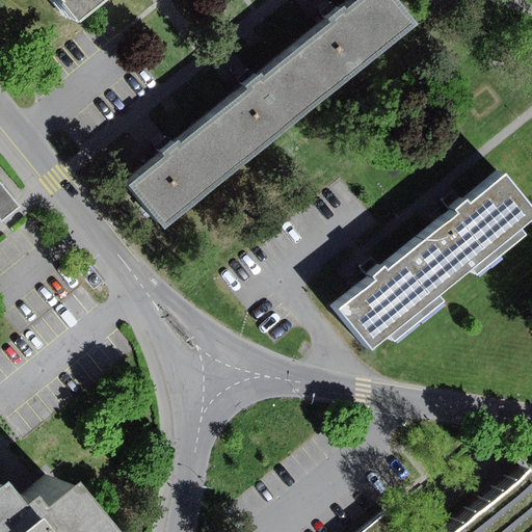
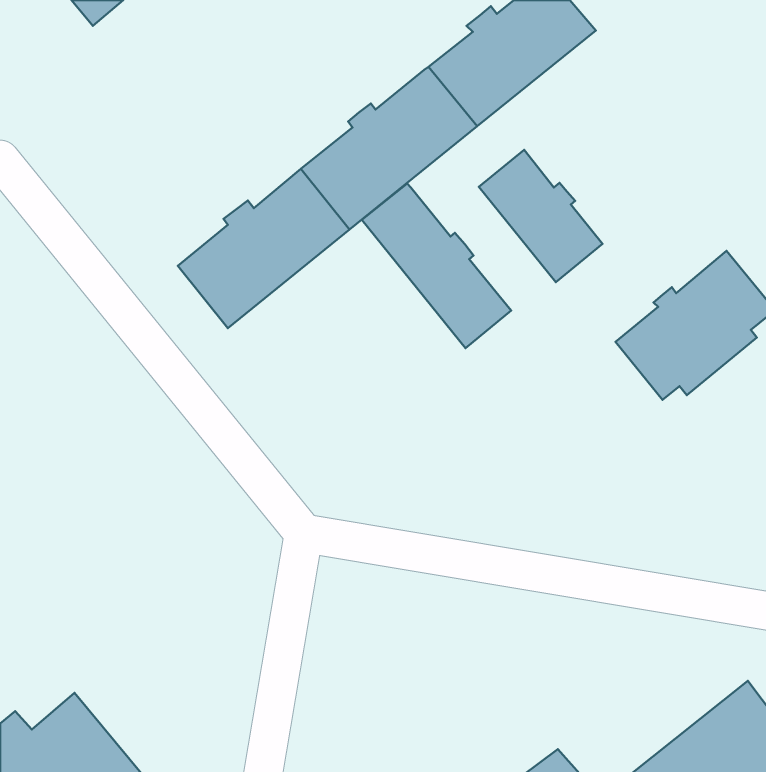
building: none -> [479,150,603,282]
building: none -> [362,183,511,348]
building: [341,237,460,347] -> none

